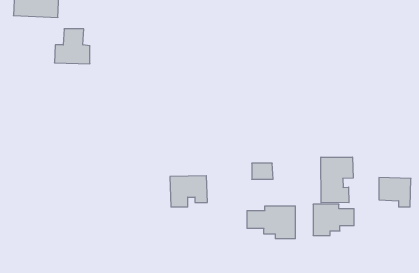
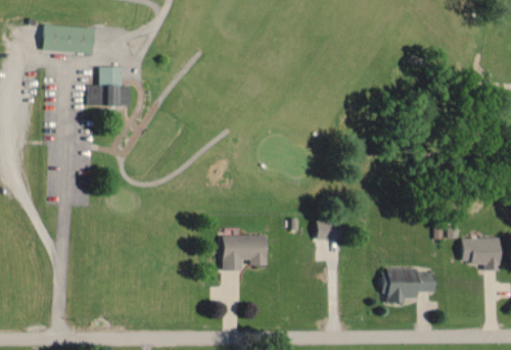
building: [321,157,353,203] -> none
building: [247,206,295,239] -> none

